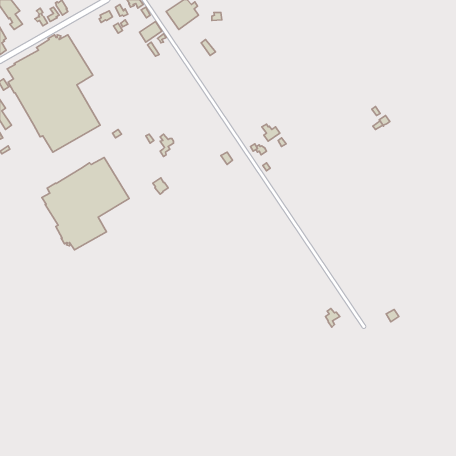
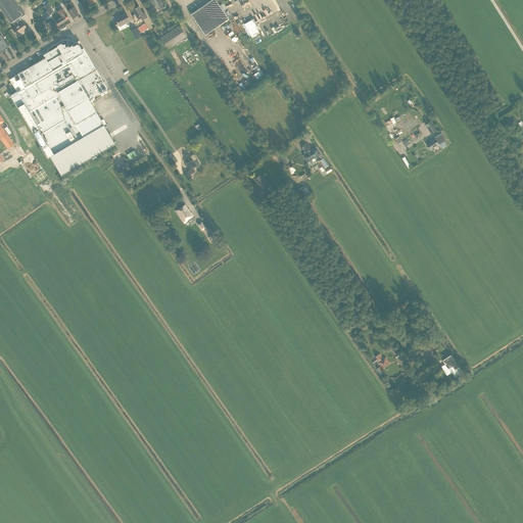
building: [42,157,129,250] -> none

